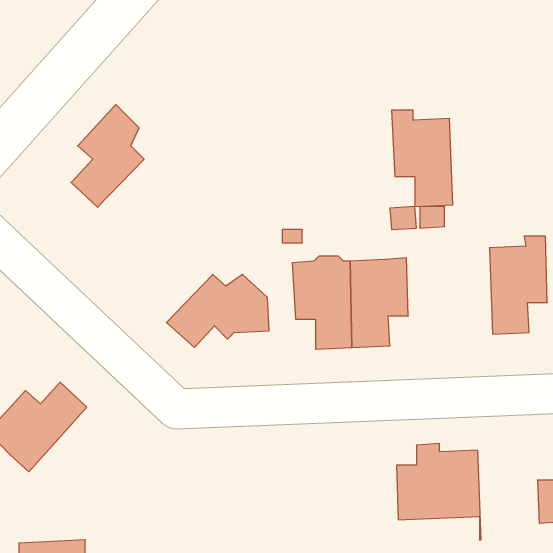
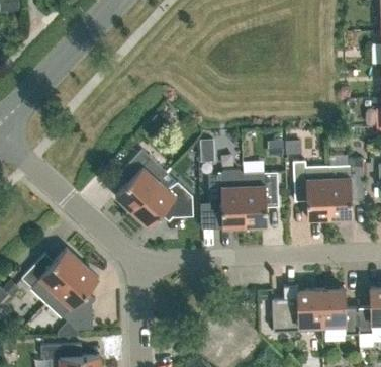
building: [71,105,144,207] -> [114,149,159,211]
building: [392,110,453,206] -> [292,161,329,219]
building: none -> [46,263,98,330]
building: none -> [320,289,358,344]

